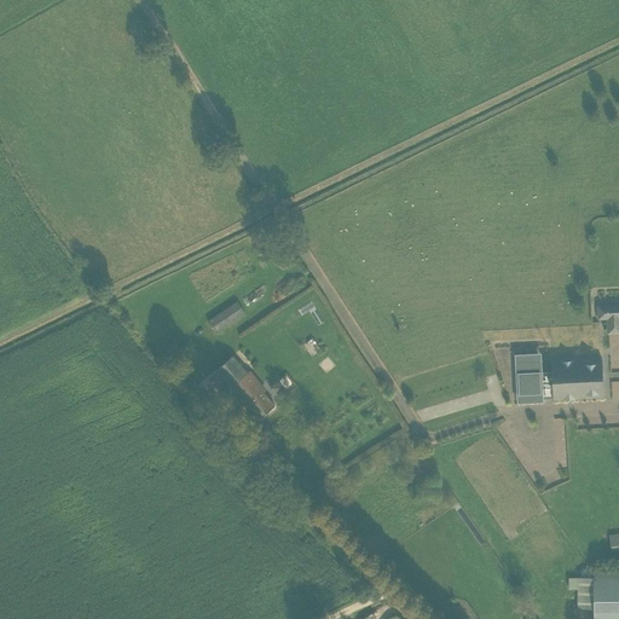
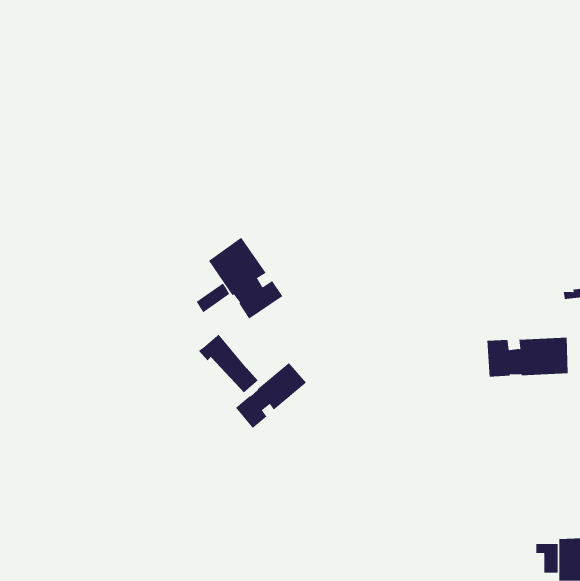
building: none -> [208,237,283,319]
building: none -> [235,362,307,429]

